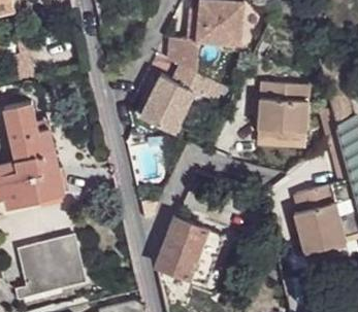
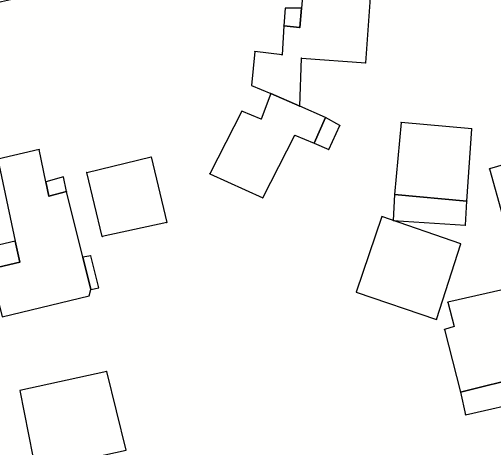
building: none -> [87,157,167,237]
building: [157,218,224,284] -> [356,217,461,319]

